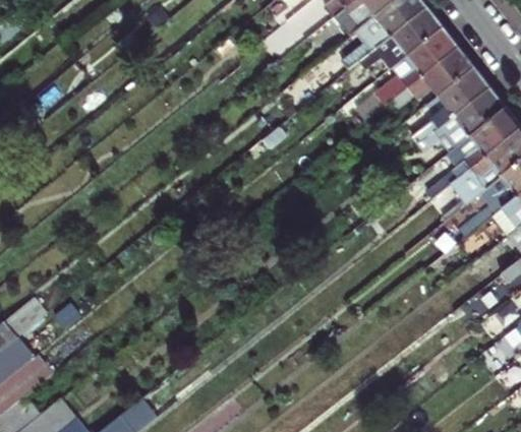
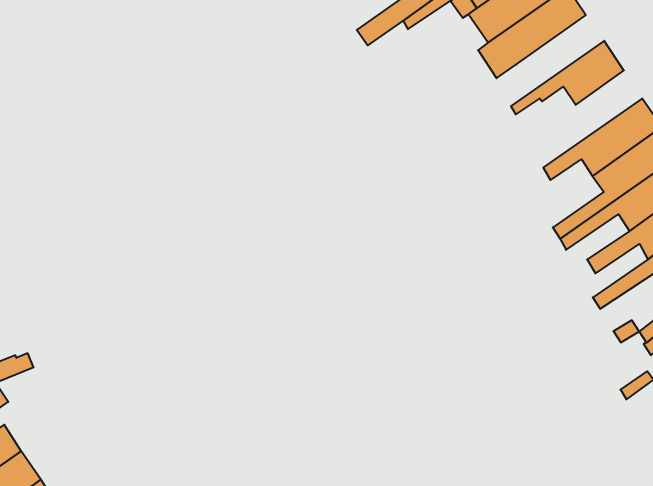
building: [369,25,458,109] -> none
building: [407,65,489,146] -> none

